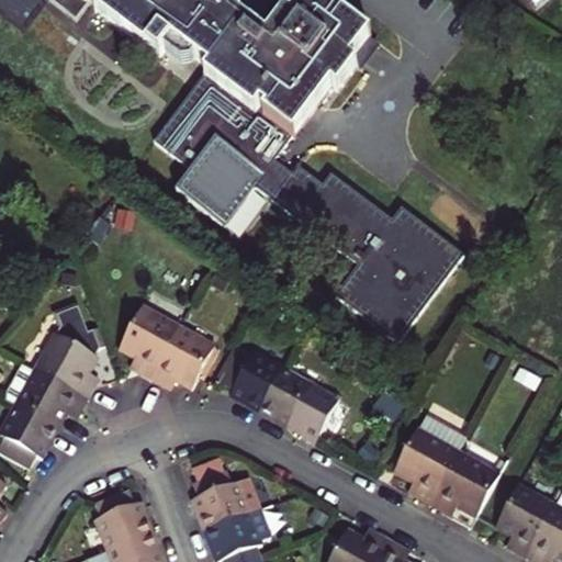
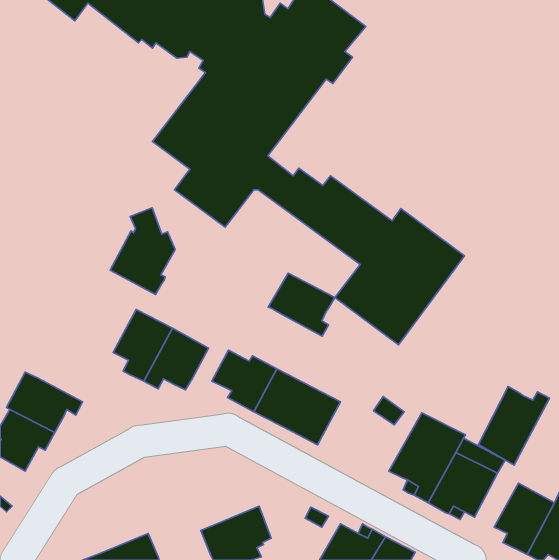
building: none -> [268,273,335,336]
building: [40,315,104,402] -> [110,208,175,294]
building: none -> [478,386,549,465]
building: [190,459,261,530] -> none
building: [91,492,150,553] -> none

